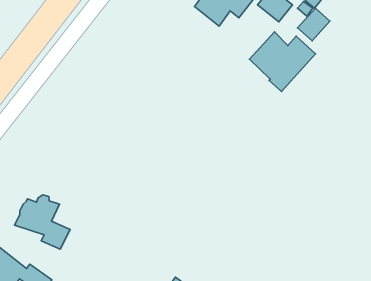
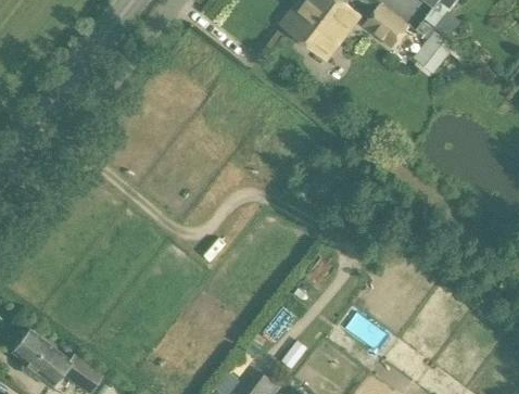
building: [250,32,316,91] -> none
building: [15,195,70,249] -> none

